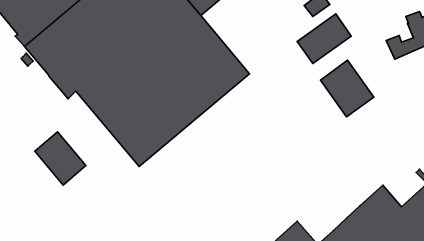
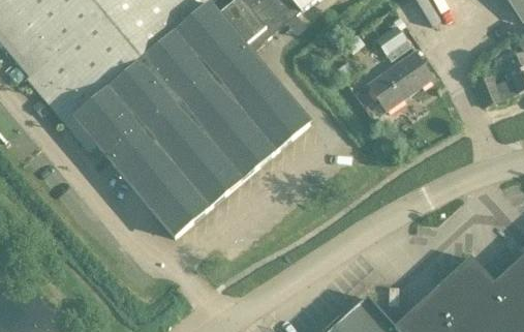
building: [320,60,374,117] -> none
building: [35,132,86,185] -> none

